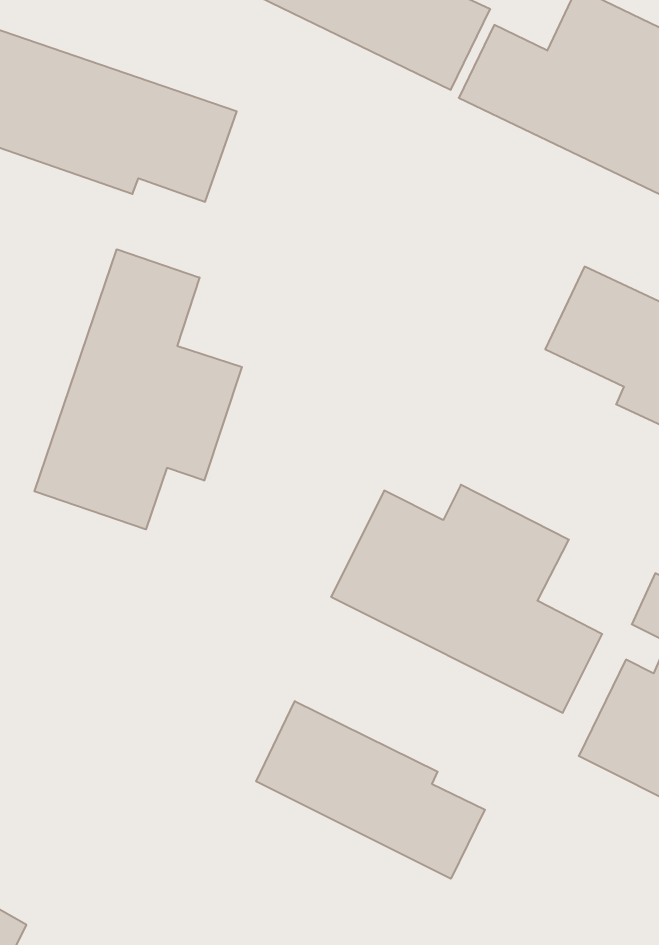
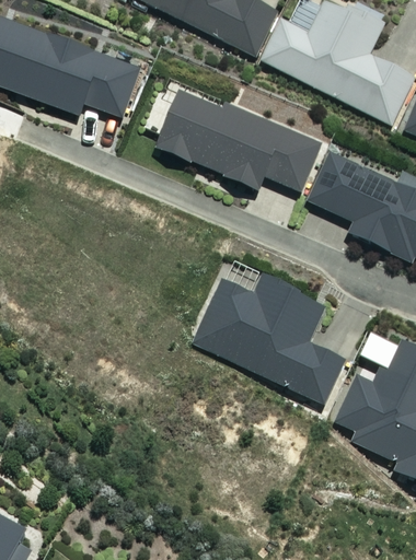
building: none -> [160,94,321,191]
building: [34,249,242,529] -> none
building: [256,701,485,879] -> none

